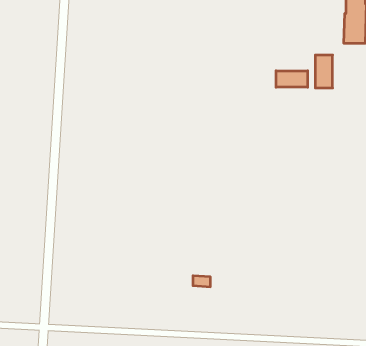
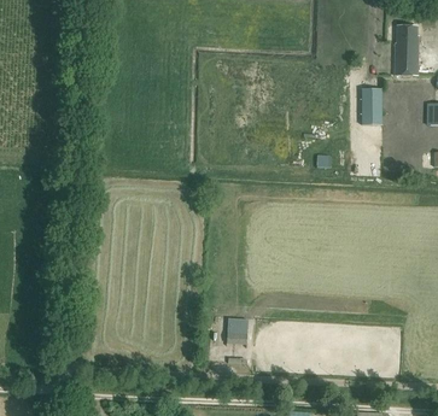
building: [276,71,308,87] -> none

